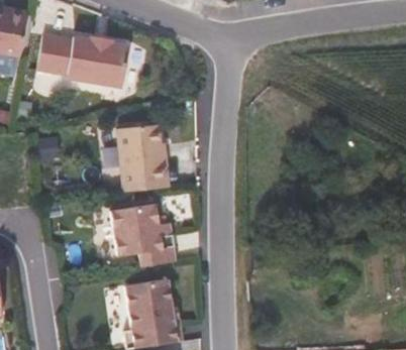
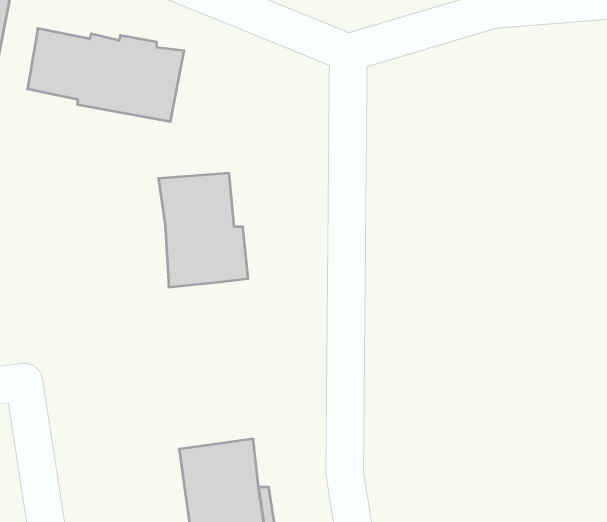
building: [108,200,174,262] -> none

